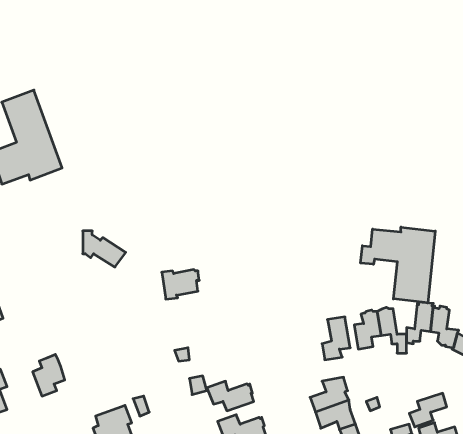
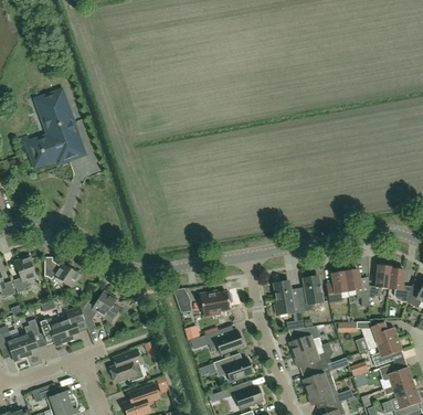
building: [361,227,435,303] -> none
building: [83,231,126,267] -> [45,257,81,287]
building: [162,270,199,299] -> [200,291,231,316]
building: none -> [274,281,302,315]
building: none -> [82,290,120,331]
building: none -> [40,317,68,345]
building: none -> [361,321,399,350]

